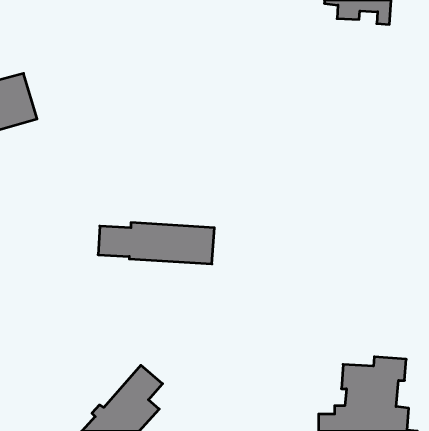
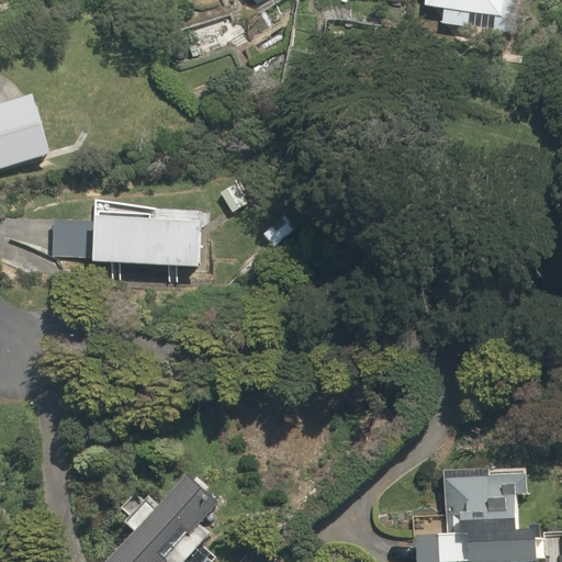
building: [98,223,214,264] -> [48,214,200,268]

